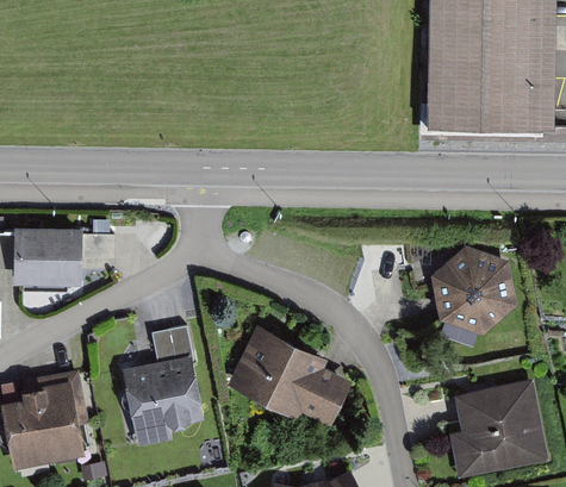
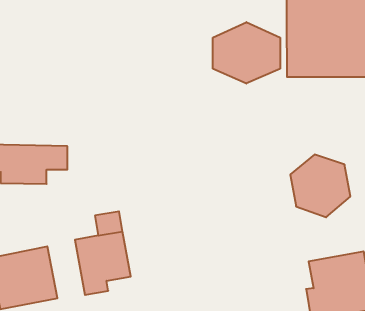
building: none -> [213,22,280,84]
building: [228,326,349,425] -> none

